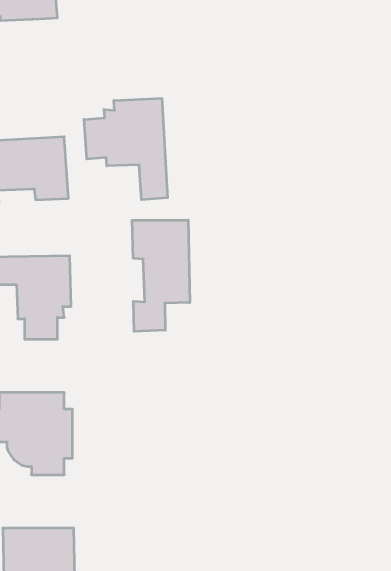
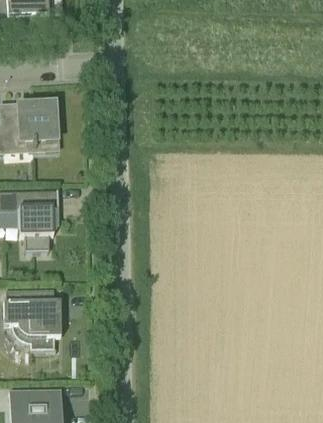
building: [84,98,168,200] -> none
building: [132,220,190,331] -> none

